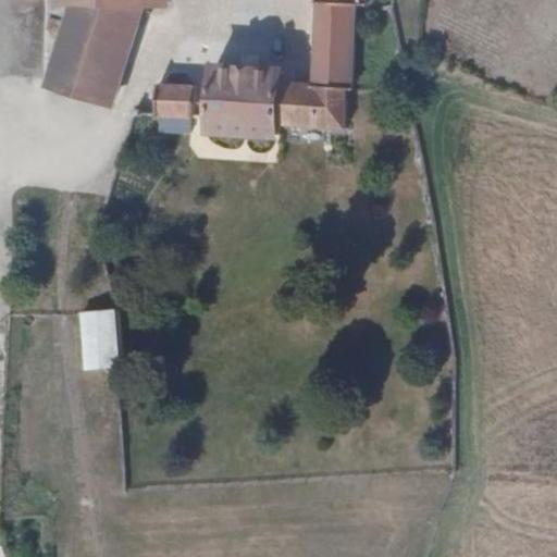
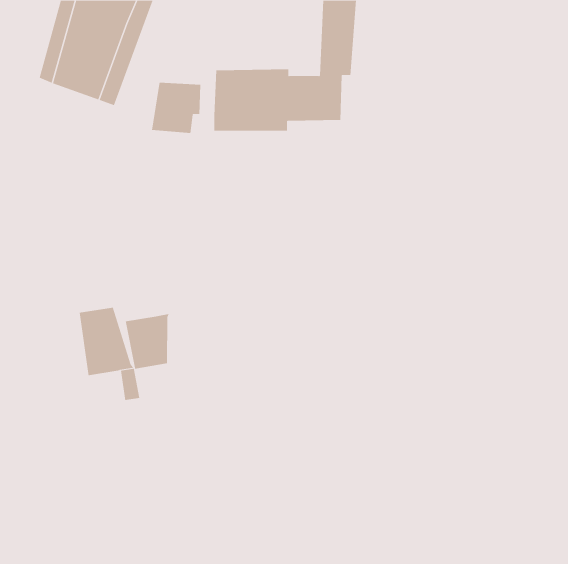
building: none -> [125,313,170,370]

